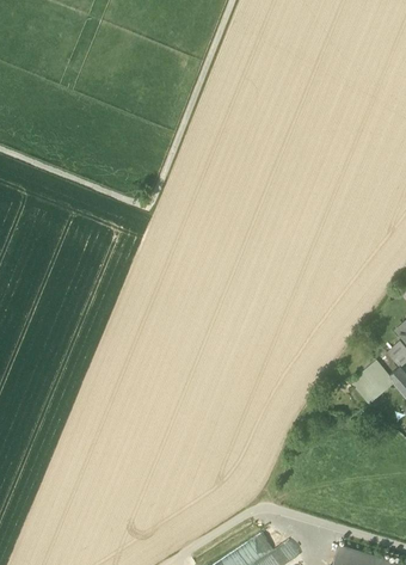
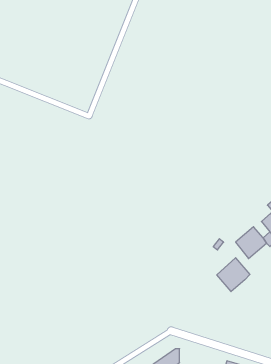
building: none -> [217,258,250,292]

